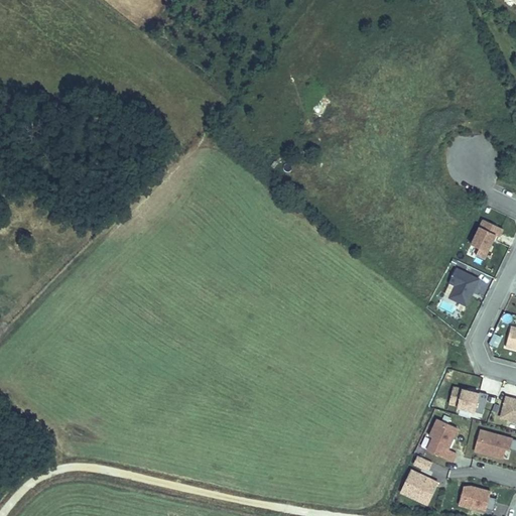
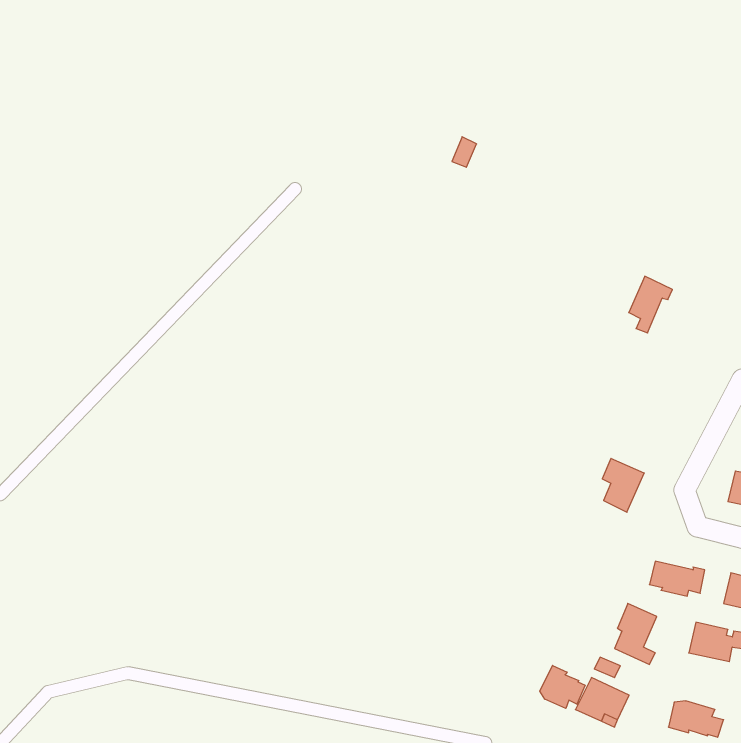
building: [469,222,499,261] -> [629,276,672,333]
building: [447,271,477,308] -> [602,458,644,512]
building: none -> [540,665,585,708]

